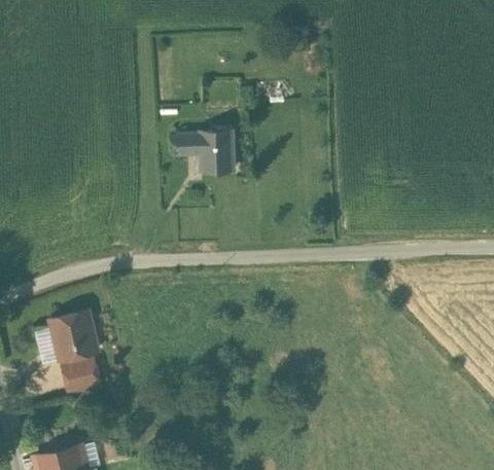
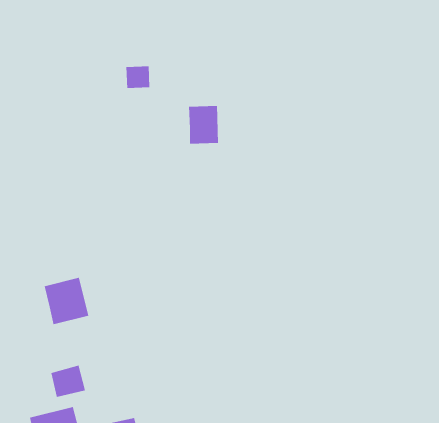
building: [174,133,200,156] -> [126,66,150,89]
building: [61,358,98,392] -> [50,365,86,397]

